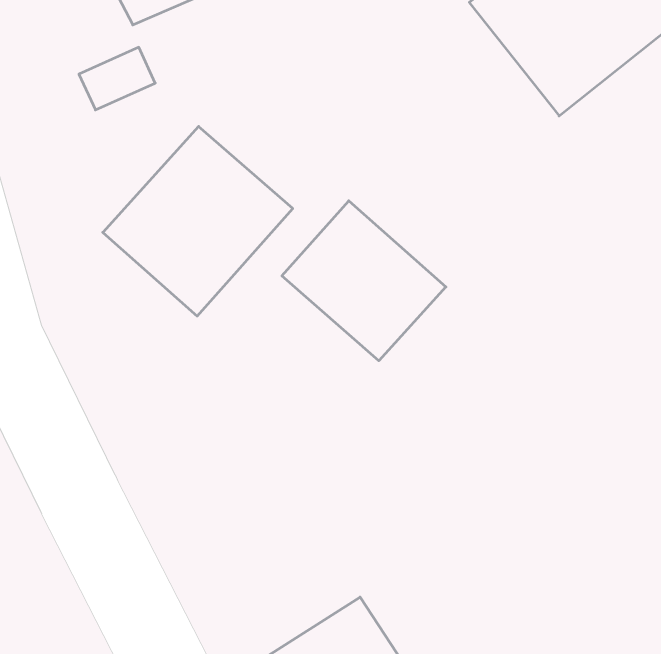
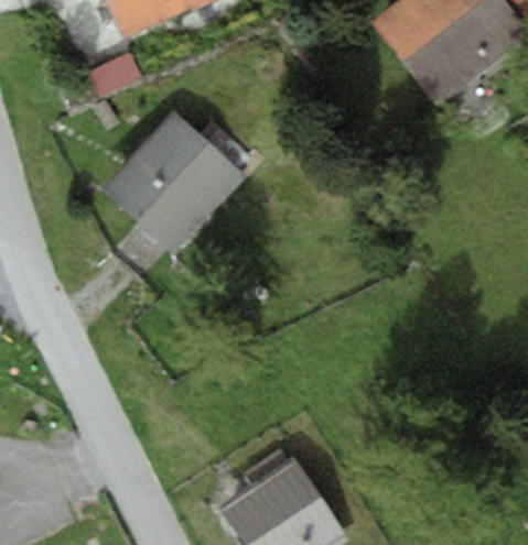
building: [282,201,446,361] -> none

